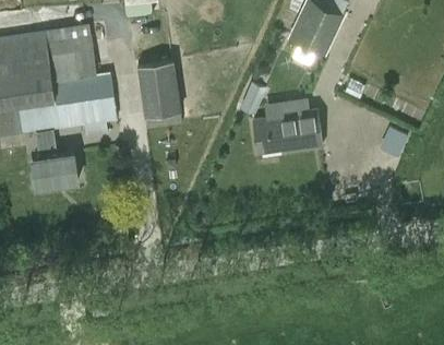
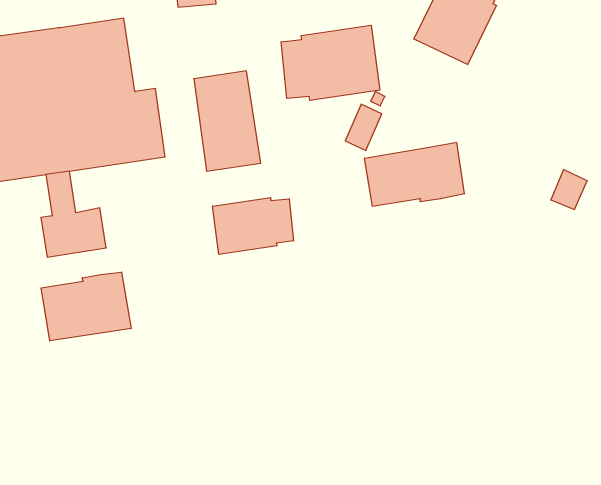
building: none -> [281,25,380,100]
building: none -> [213,198,293,254]
building: none -> [41,272,131,341]

